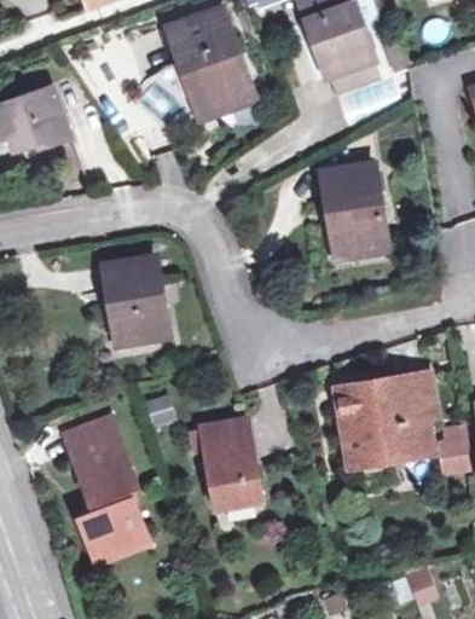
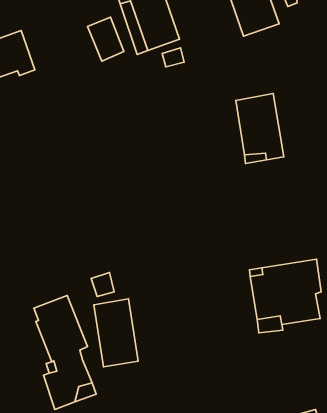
building: [105,256,167,342] -> none
building: [203,421,259,507] -> [94,299,138,367]

